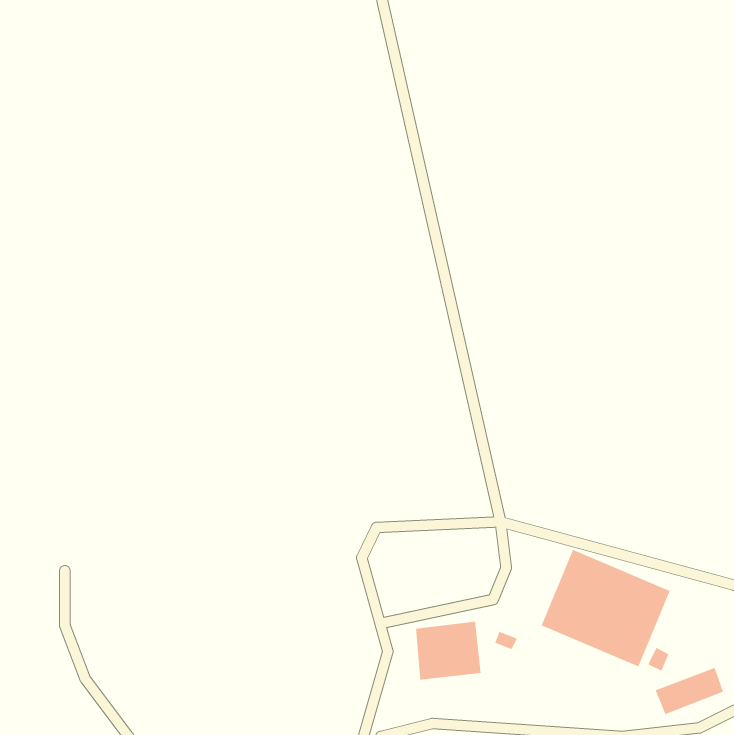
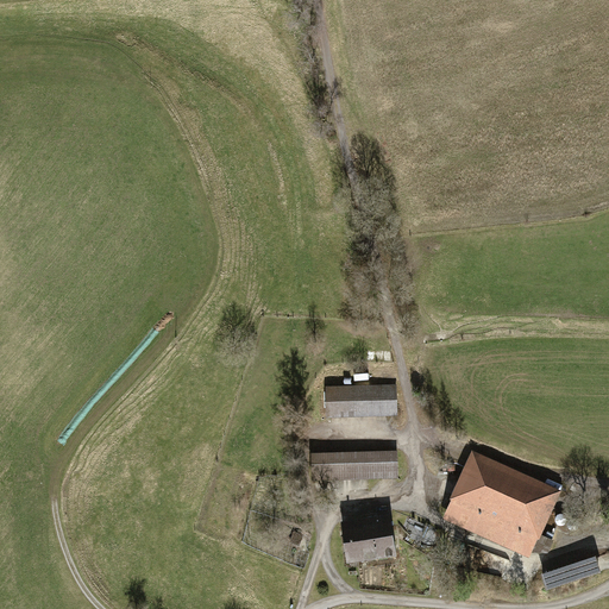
building: none -> [325,385,400,415]
building: none -> [313,450,396,479]

